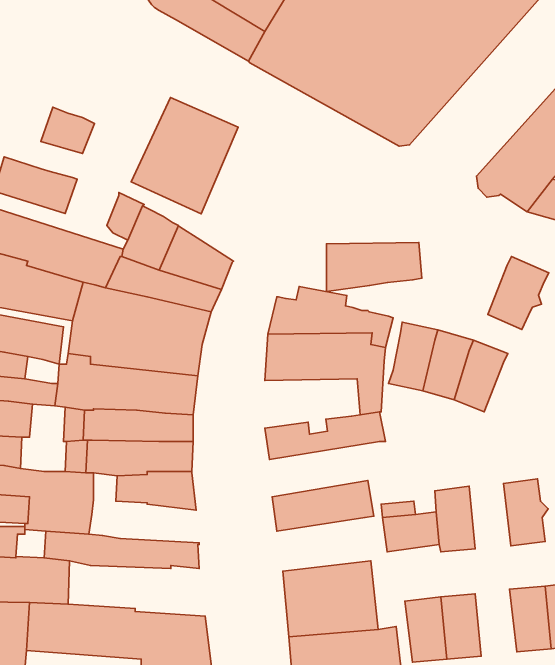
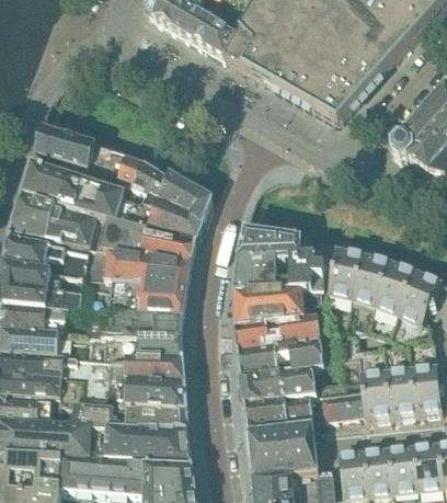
building: [131,98,238,214] -> none
building: [41,107,95,153] -> [87,144,126,178]
building: [326,242,422,292] -> [233,290,303,327]
building: [488,256,549,329] -> [394,272,439,325]
building: none -> [237,336,322,377]
building: none -> [383,367,414,415]
building: none -> [114,379,185,411]
building: none -> [242,392,311,427]
building: none -> [89,424,190,465]
building: none -> [388,445,419,494]

